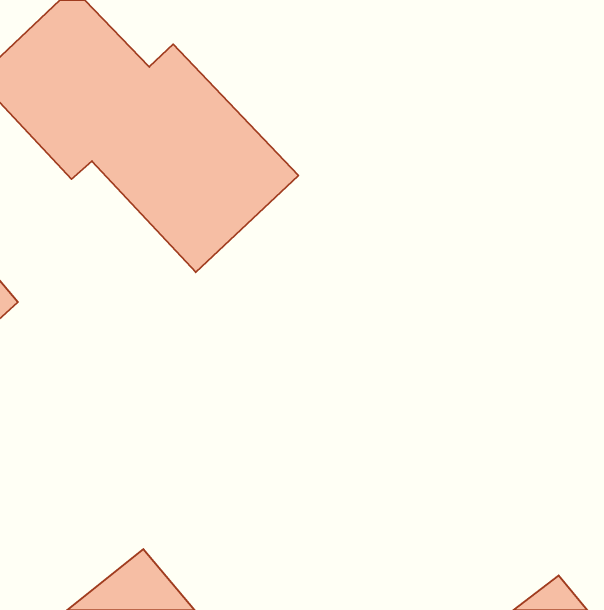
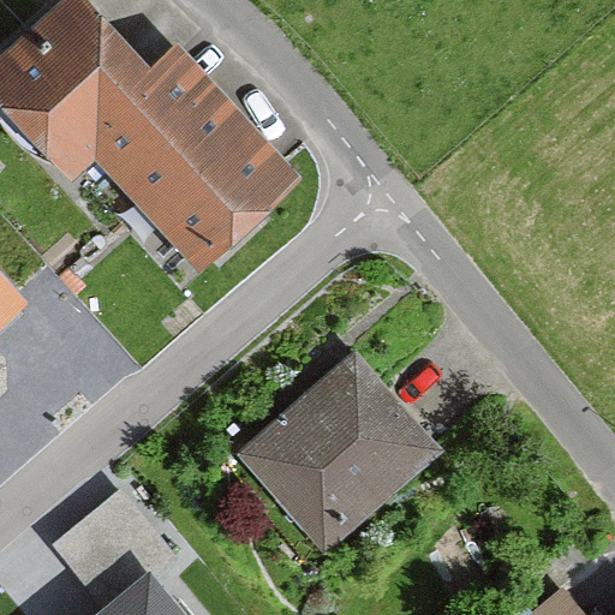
building: none -> [239,359,436,555]

